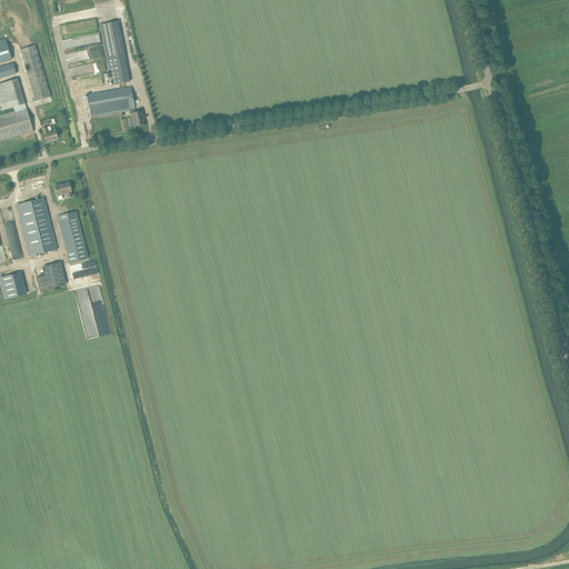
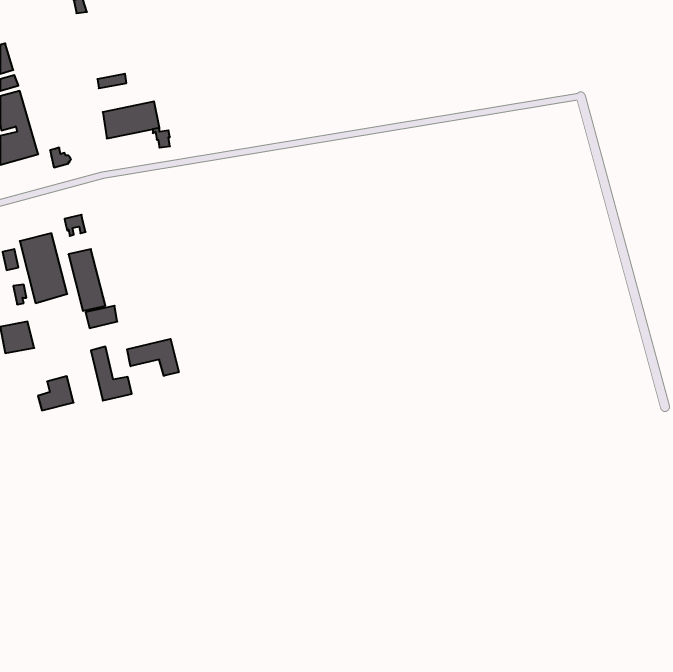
building: [99,20,129,84] -> none
building: [20,44,50,100] -> none
building: [36,260,66,289] -> [38,376,74,410]
building: none -> [127,339,179,376]

